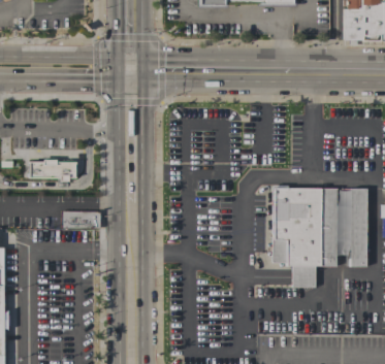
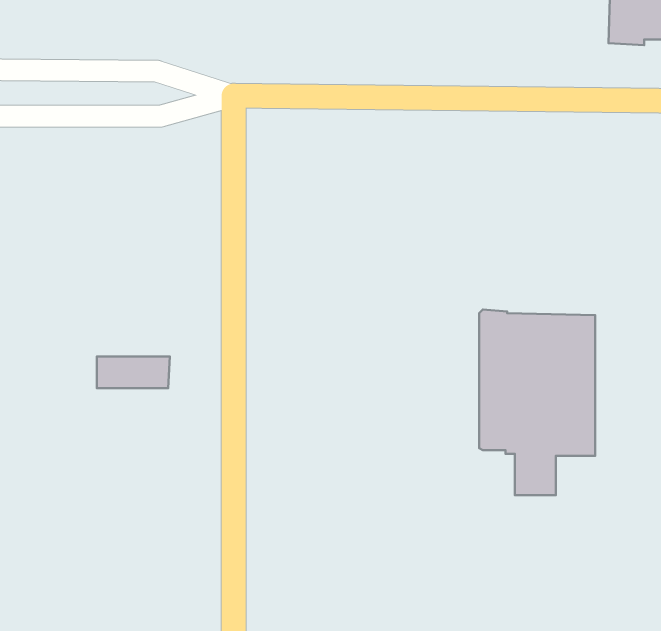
building: [28,161,74,179] -> none
building: [351,189,366,266] -> none

